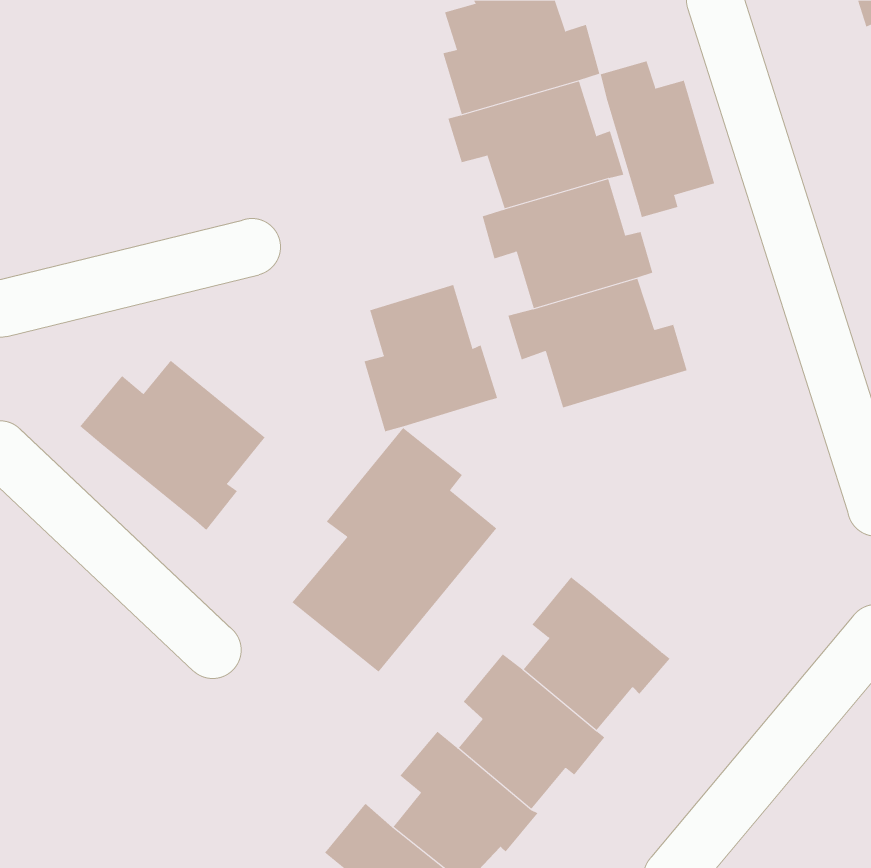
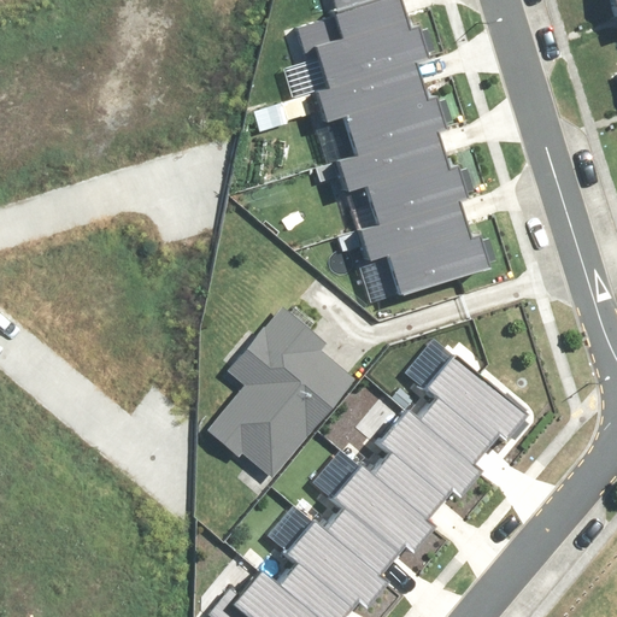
building: [600,61,715,218] -> none
building: [364,284,498,432] -> none
building: [80,360,265,531] -> none
building: none -> [417,355,522,464]

